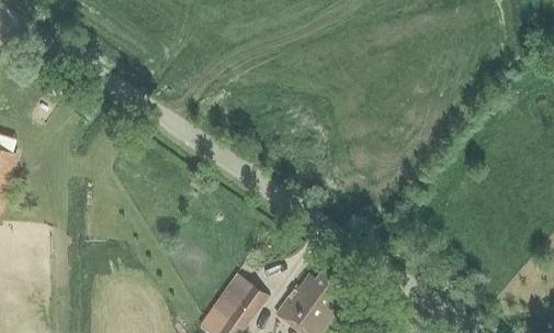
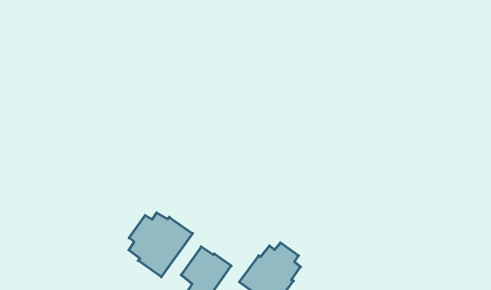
building: none -> [129,213,193,277]

